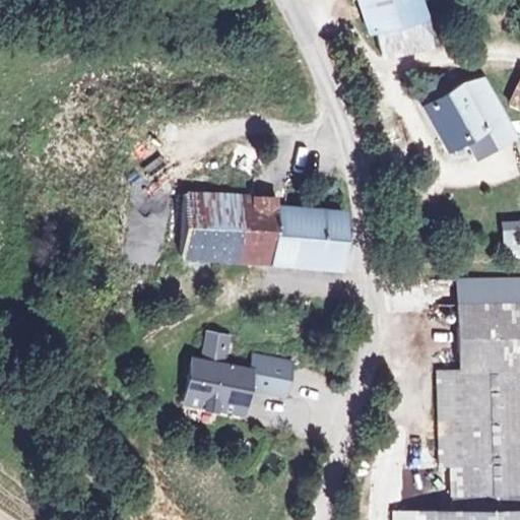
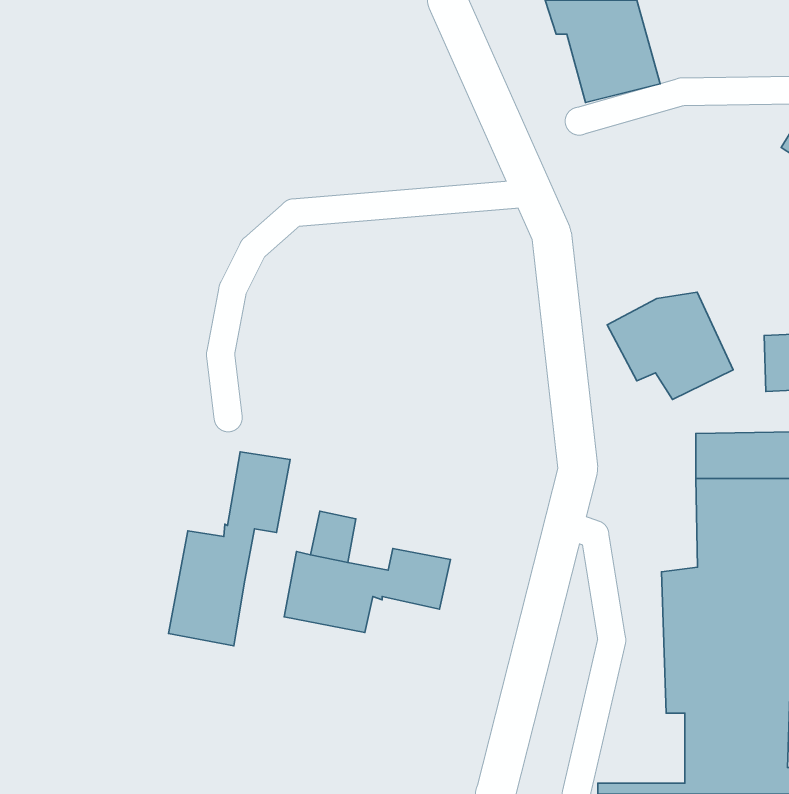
building: [422,81,505,151] -> [607,292,733,399]
building: [188,192,353,270] -> none
building: none -> [169,452,290,646]

